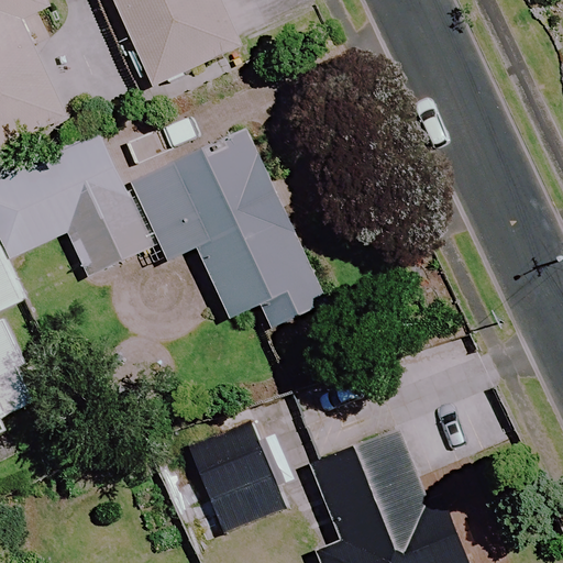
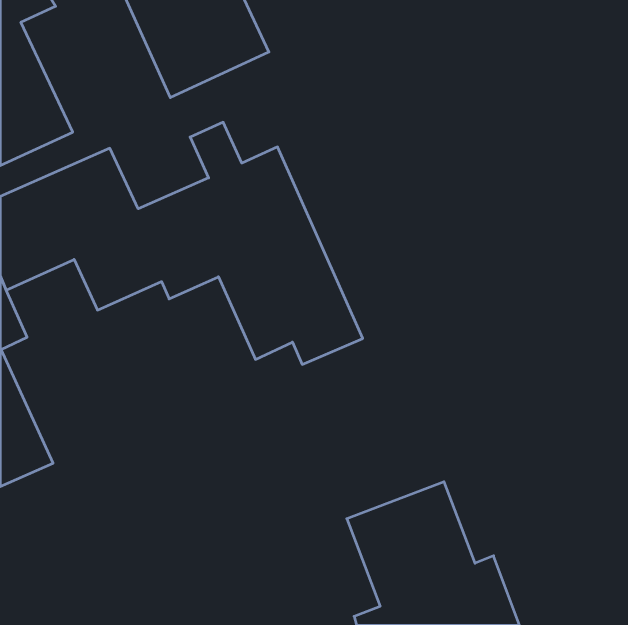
building: [189,421,287,532] -> none

